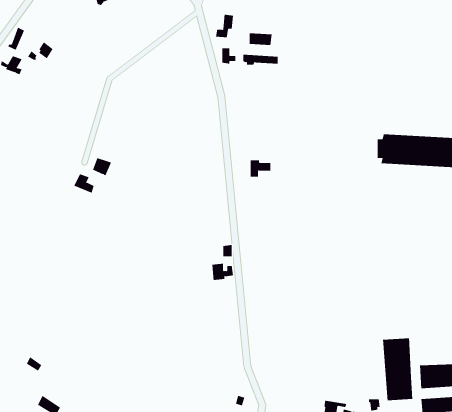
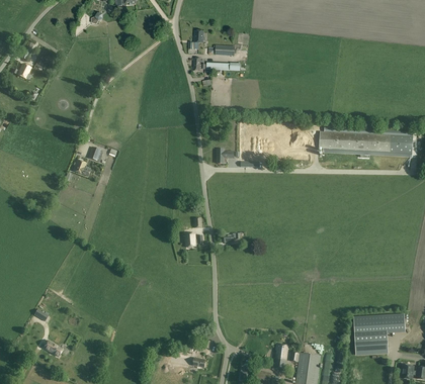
building: [382,337,413,401] -> none

